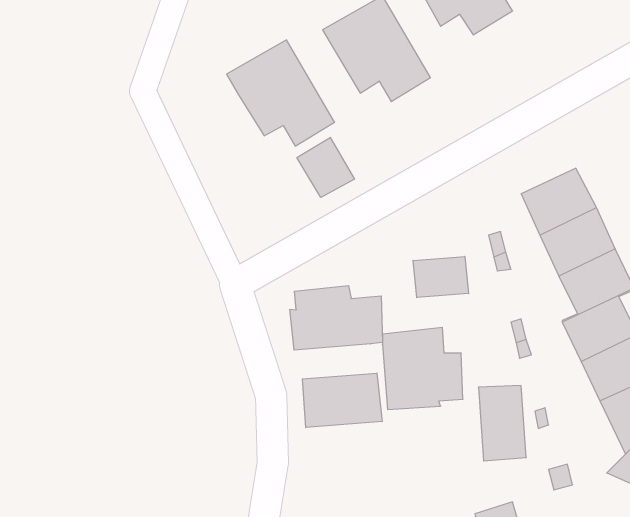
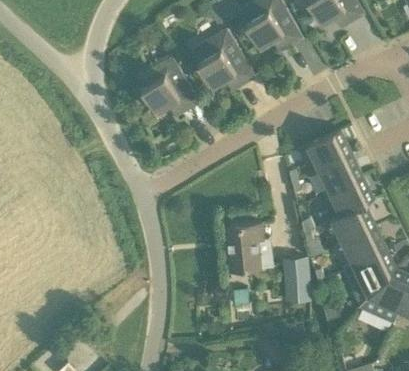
building: [297,137,355,197] -> none
building: [413,256,469,298] -> none
building: [290,286,382,350] -> none
building: [302,373,382,428] -> none

